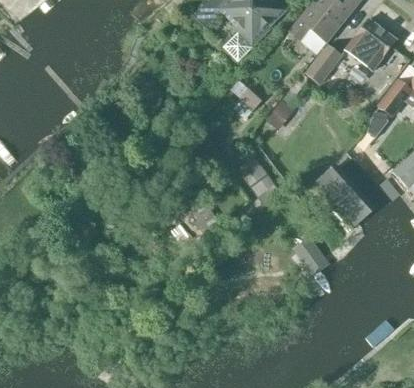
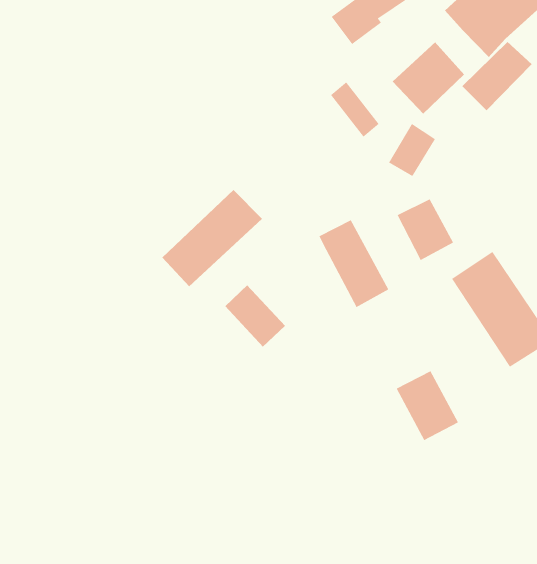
building: none -> [392,42,465,114]
building: none -> [397,199,454,261]
building: none -> [162,189,263,287]

